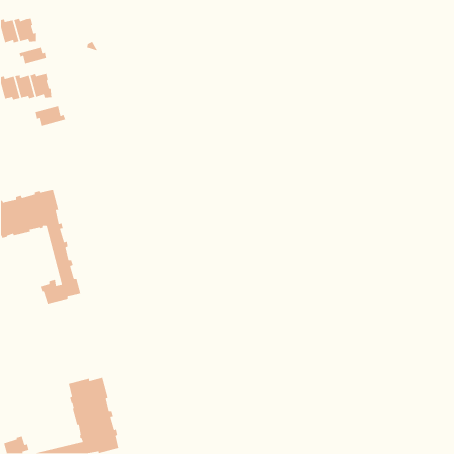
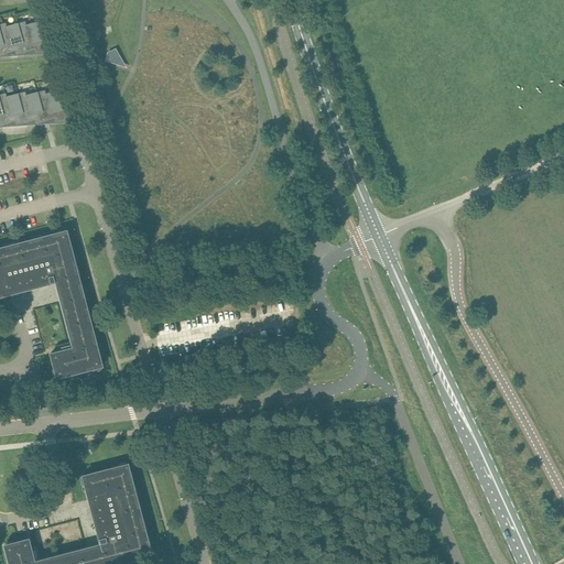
building: [18,46,48,64] -> none
building: [34,105,66,127] -> none

